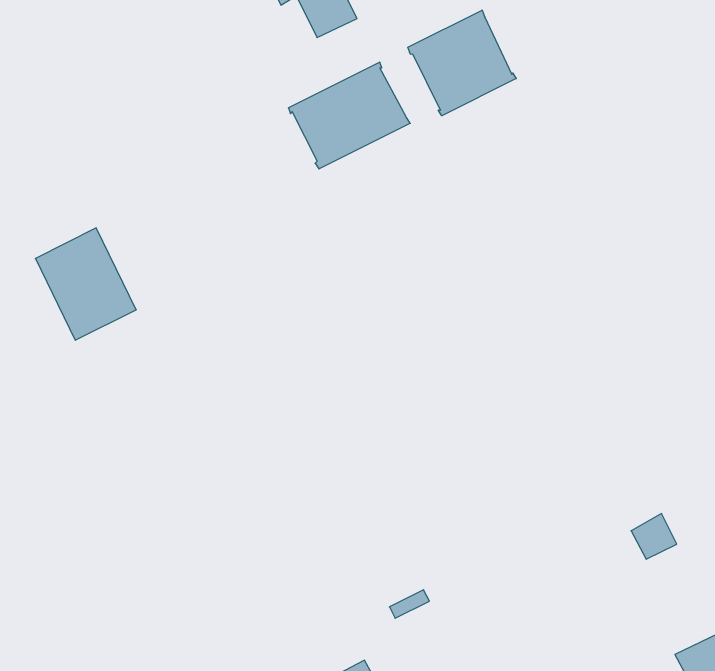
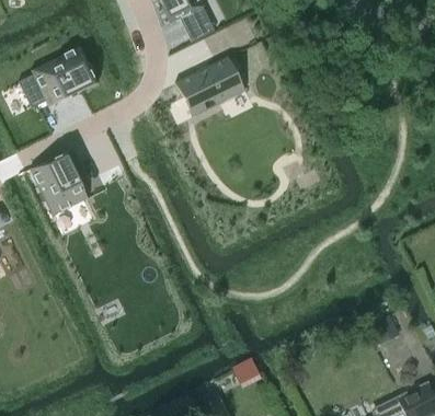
building: [408,10,516,116] -> none
building: none -> [18,47,98,107]

